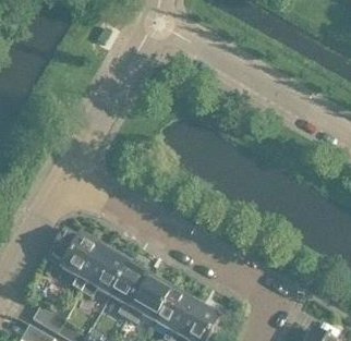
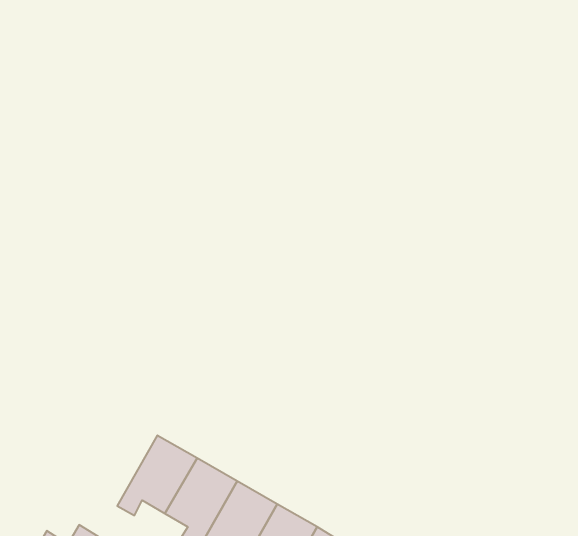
building: [47,235,105,290] -> none

